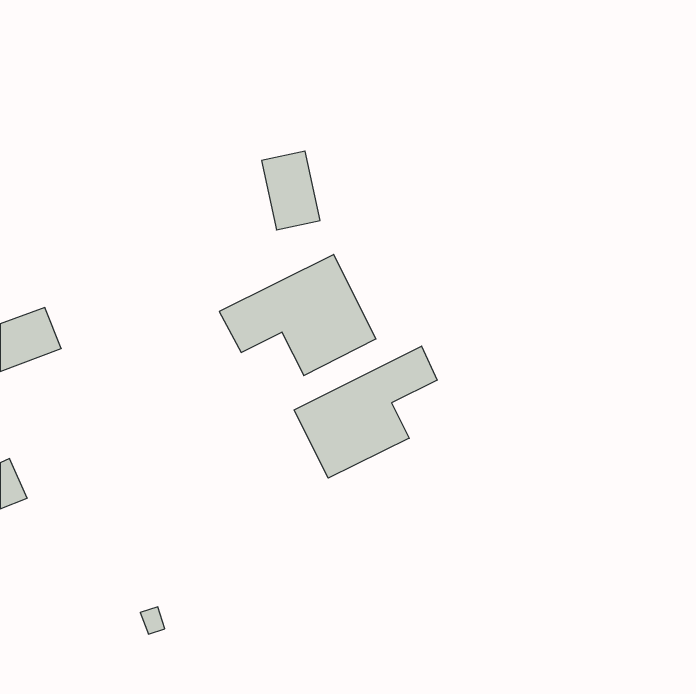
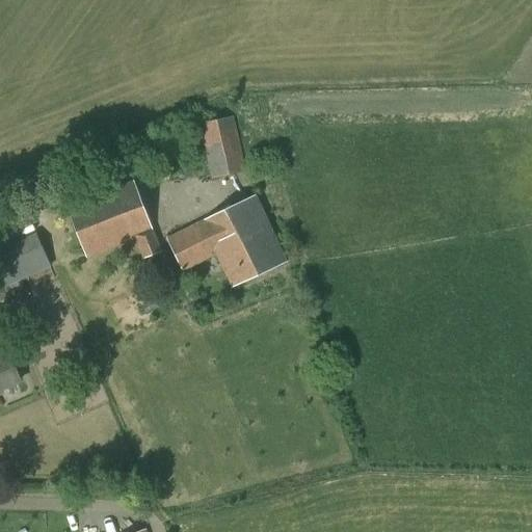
building: none -> [68,180,161,258]
building: [294,346,437,478] -> none

